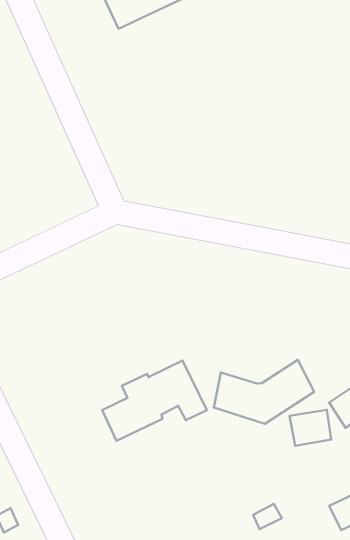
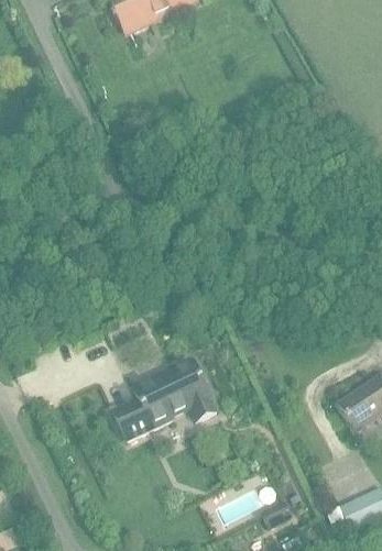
building: [214,360,314,424] -> none
building: [289,410,331,446] -> none

